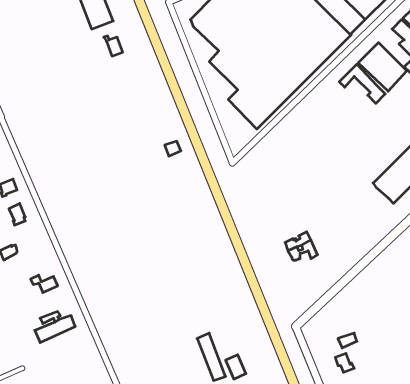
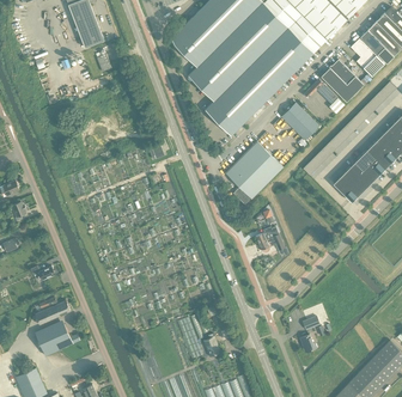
building: none -> [280,102,318,142]
building: none -> [225,140,282,203]
building: none -> [36,323,79,355]

